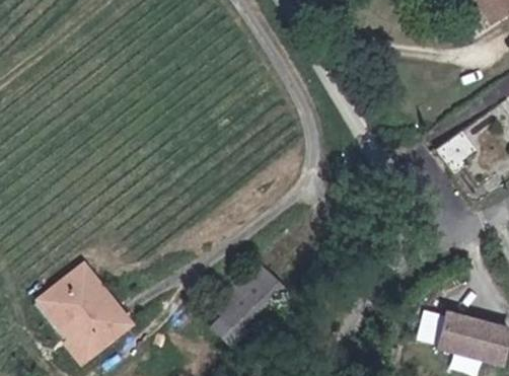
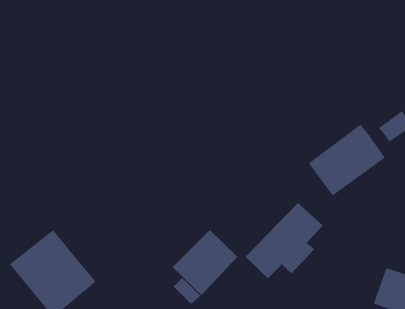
building: none -> [308,123,386,197]
building: none -> [245,202,324,279]

